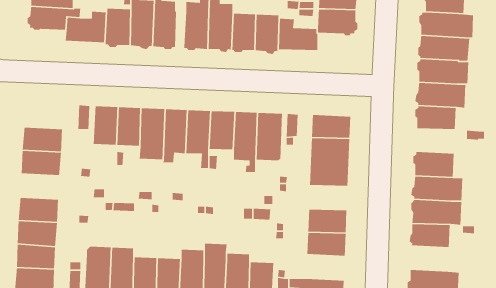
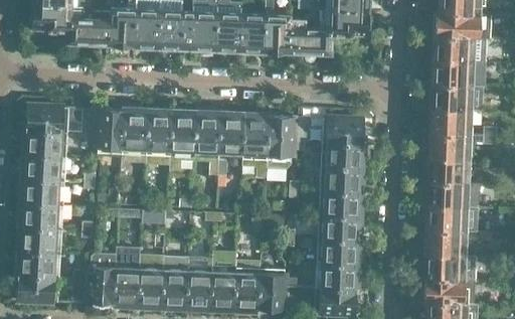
building: none -> [26,107,67,134]
building: none -> [427,134,472,159]
building: none -> [22,180,63,206]
building: none -> [320,192,361,217]
building: none -> [423,255,477,282]
building: none -> [317,264,358,290]

